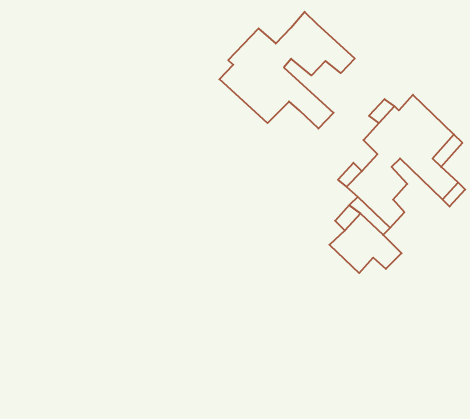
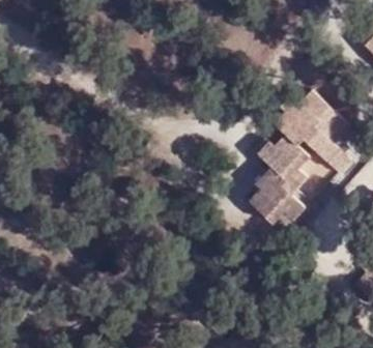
building: [219,12,355,129] -> none

